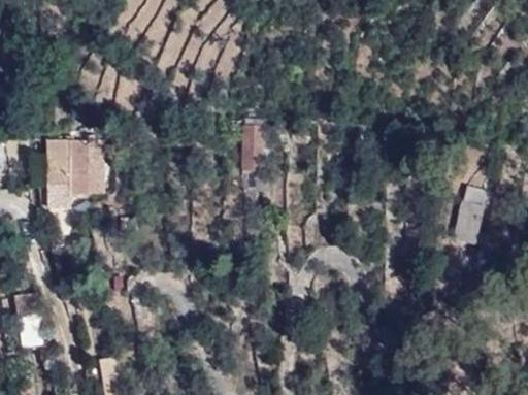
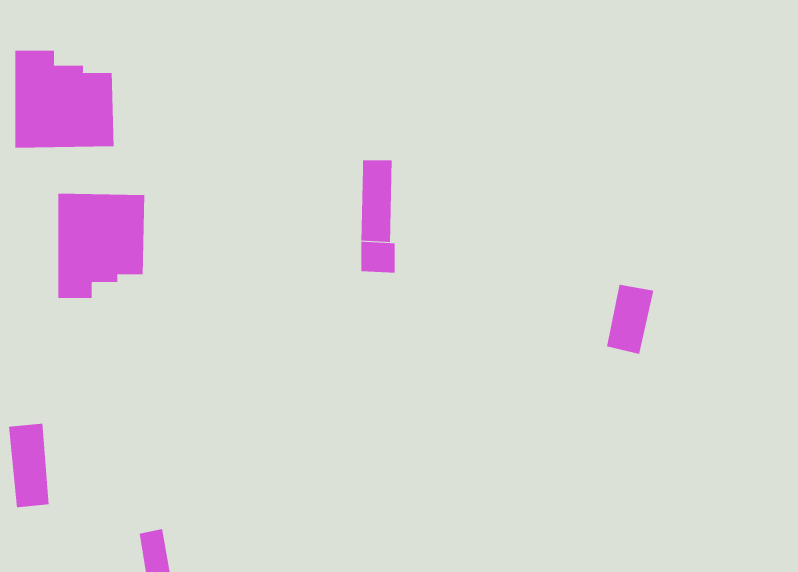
building: none -> [15,50,114,148]
building: [450,198,481,243] -> [606,284,654,354]

